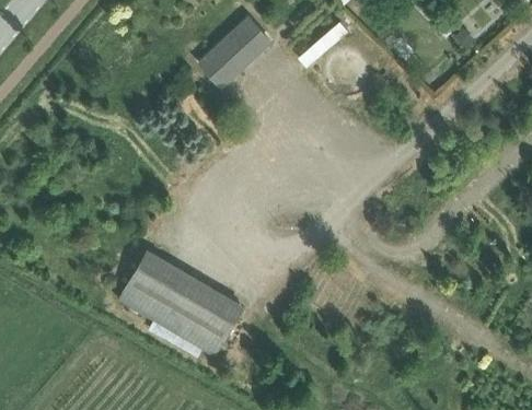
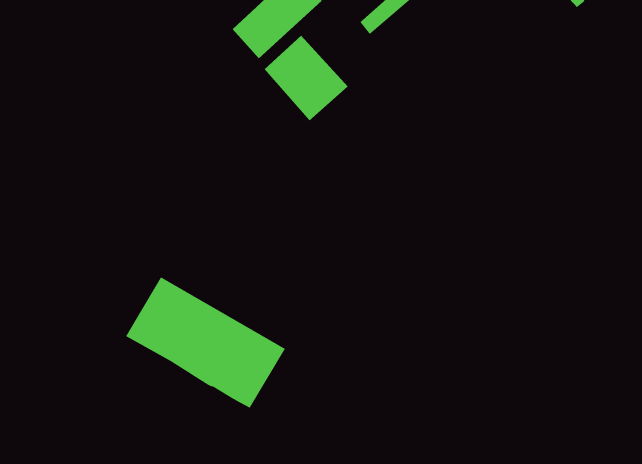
building: none -> [264,35,349,121]

